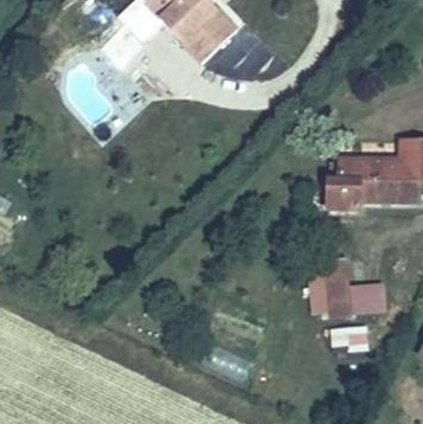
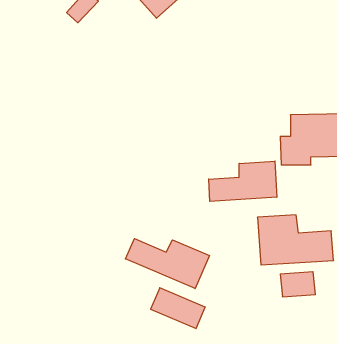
building: none -> [209,161,277,201]
building: none -> [125,239,210,289]

